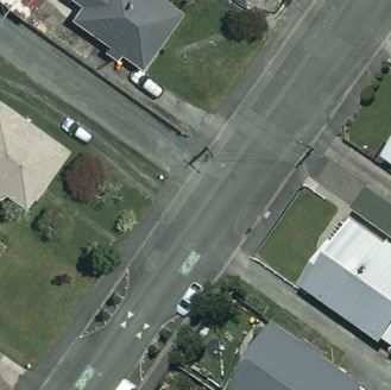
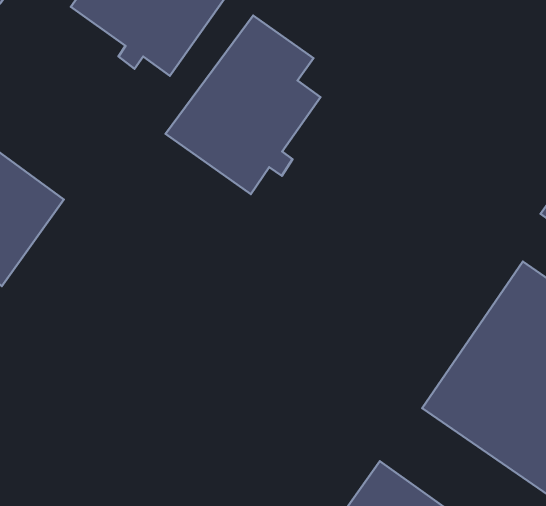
building: none -> [165,15,320,194]

